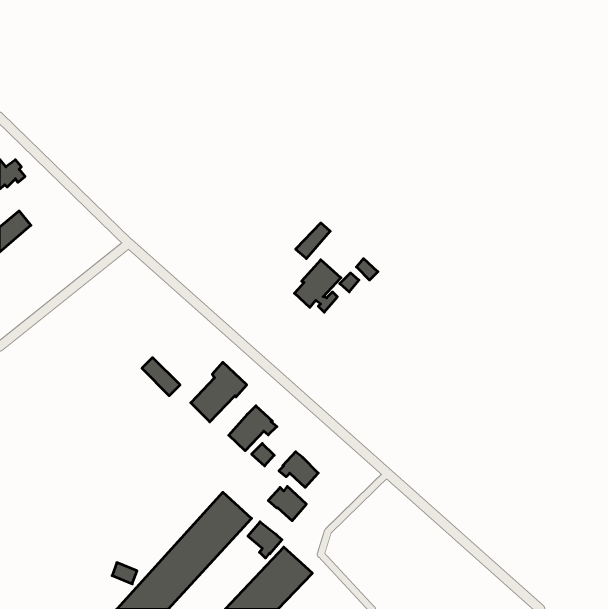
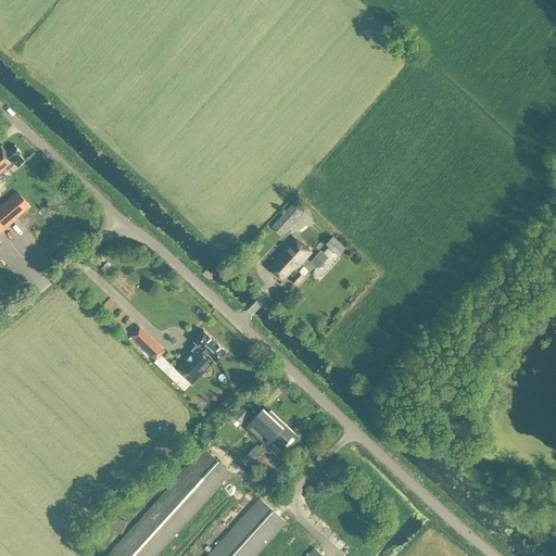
building: [229,406,277,451] -> none
building: [248,522,282,558] -> none

